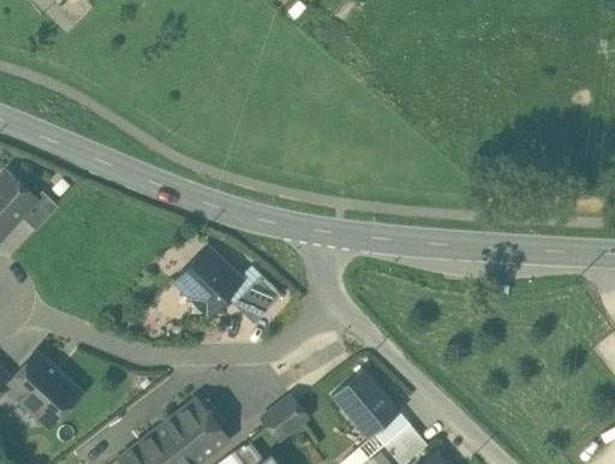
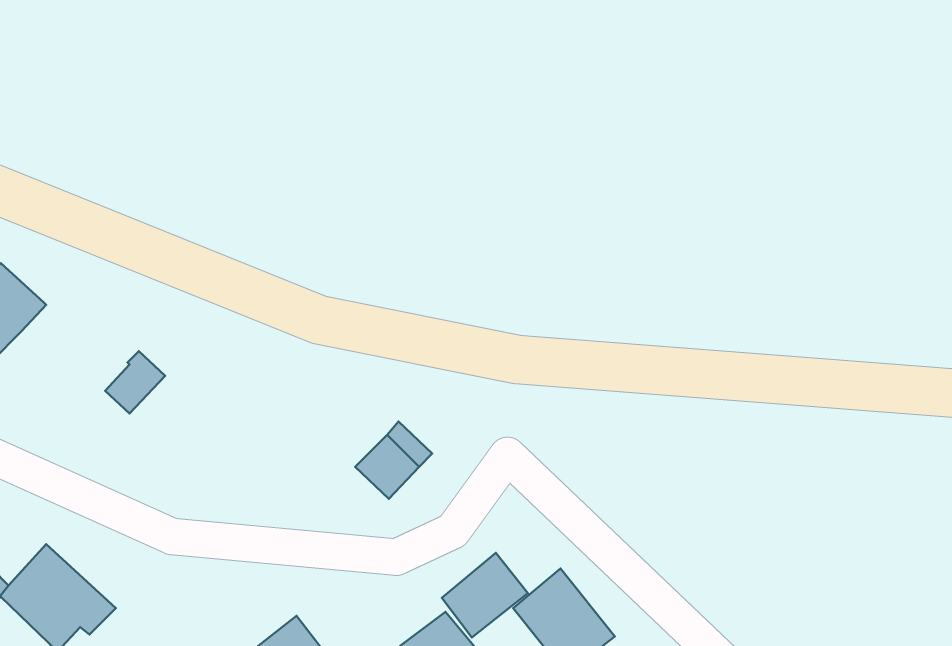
building: [19,191,58,231] -> [105,351,165,413]
building: [174,246,240,313] -> none
building: none -> [442,553,528,638]

